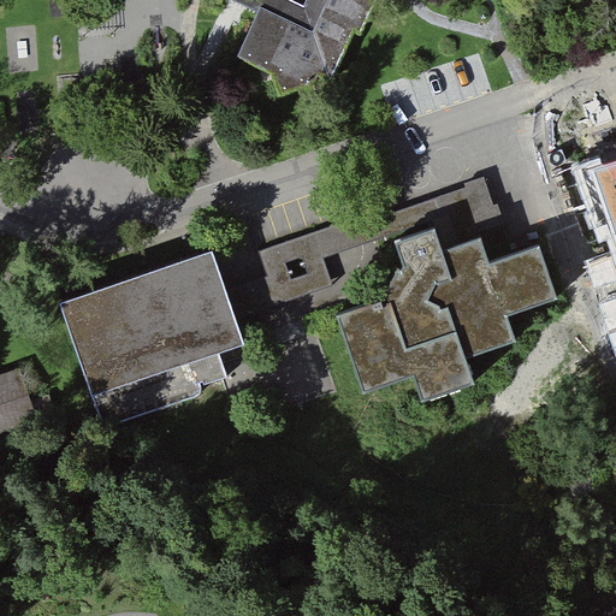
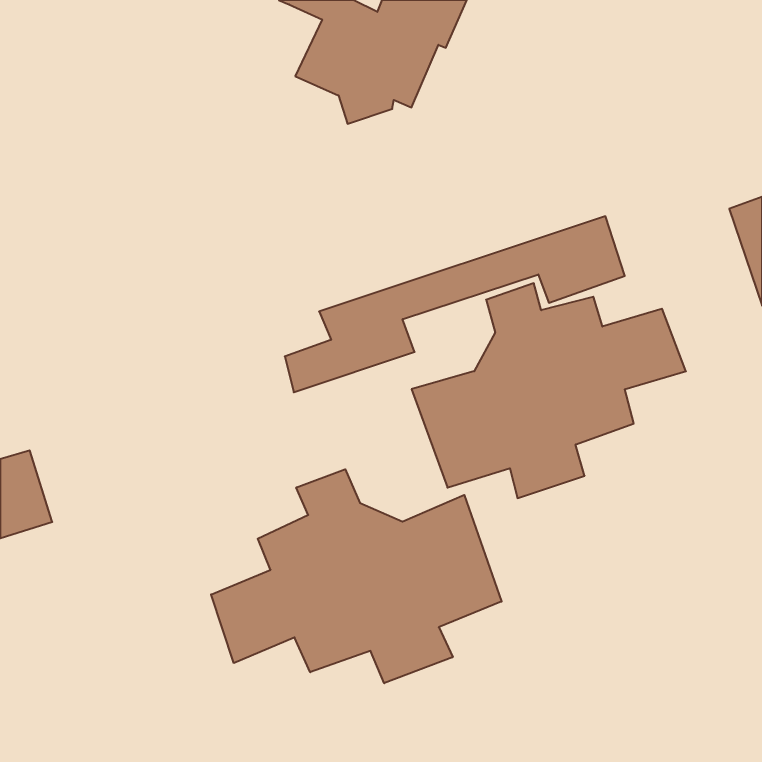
building: [63,251,238,422] -> none
building: none -> [211,469,502,683]

